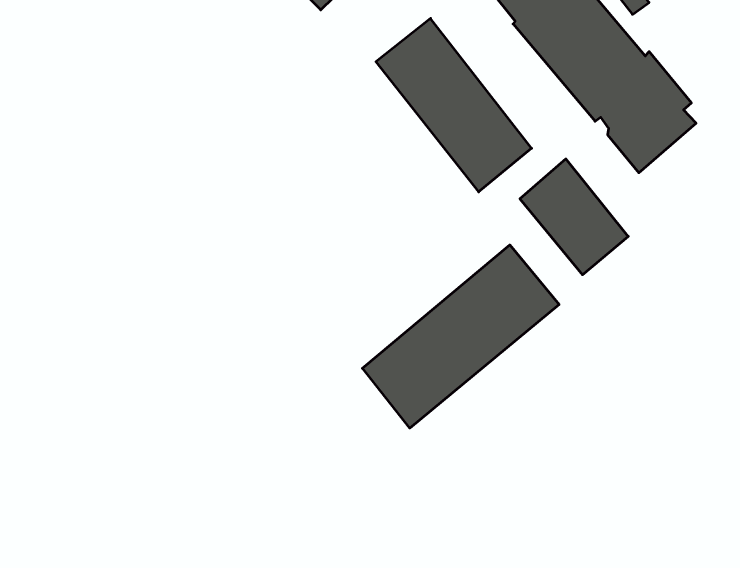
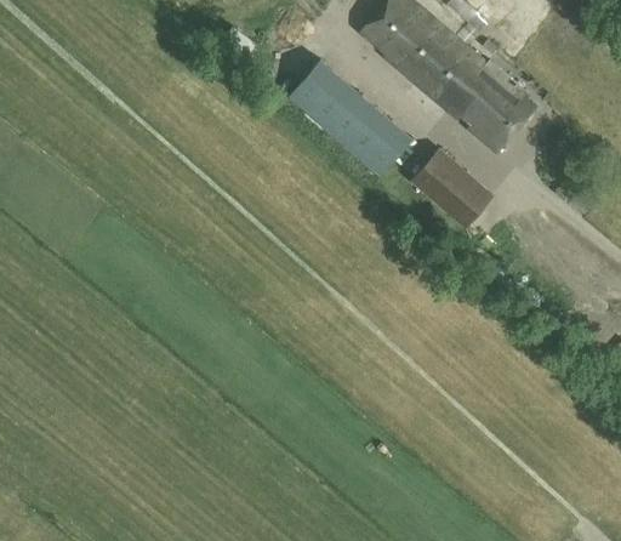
building: [362,245,559,428] -> none

